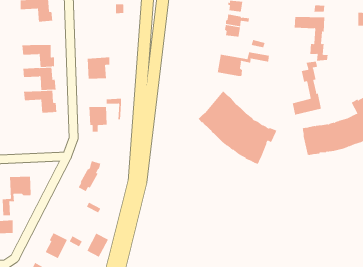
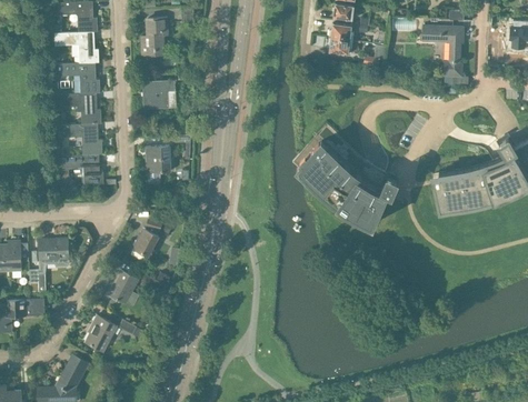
building: none -> [140,18,168,61]
building: none -> [54,32,99,63]
building: [217,51,269,77] -> none
building: [292,61,322,115] -> none
building: none -> [60,154,104,187]
building: [87,233,109,258] -> [109,270,139,303]

